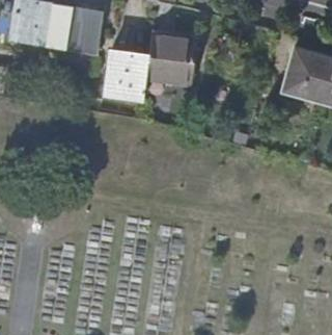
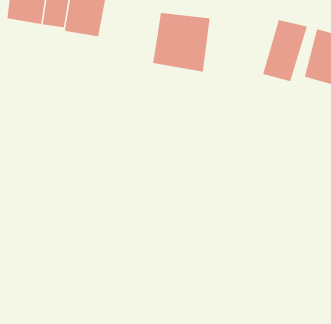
building: none -> [262,19,308,82]
building: [104,46,147,94] -> none

